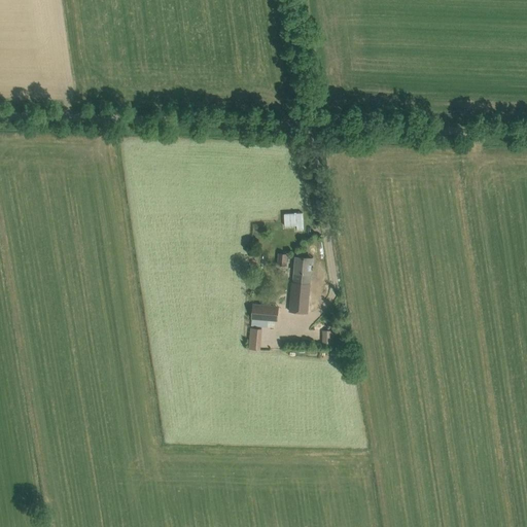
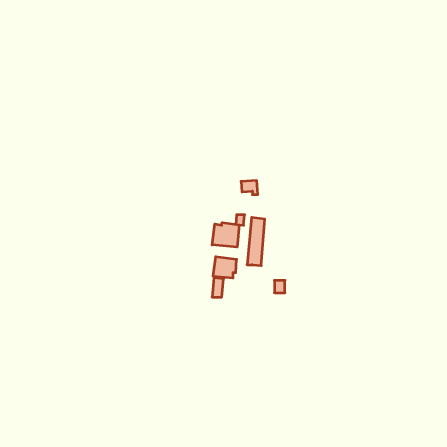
building: none -> [212,223,239,247]

